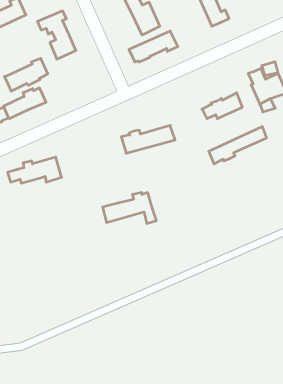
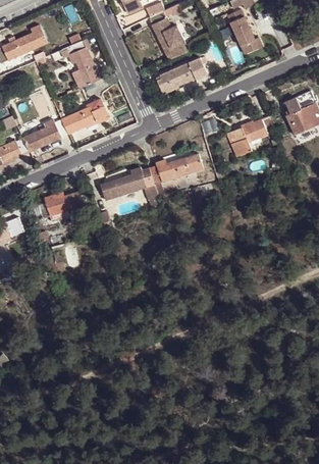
building: [4,58,48,91] -> [60,99,106,134]
building: [209,127,266,164] -> none
building: [103,193,156,223] -> [99,170,156,203]

